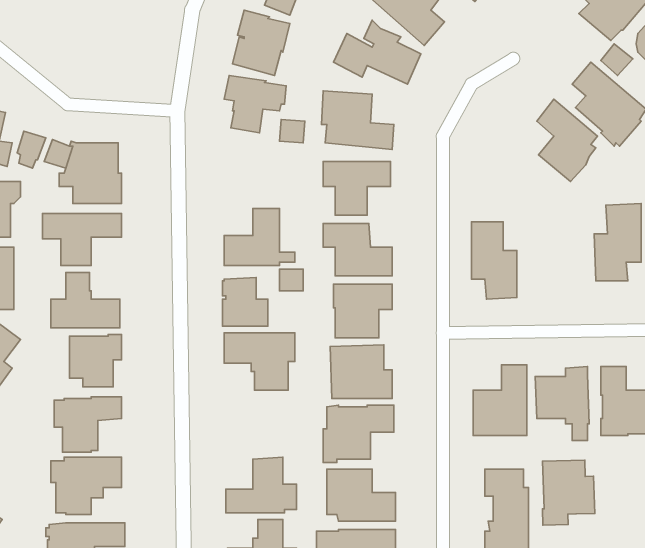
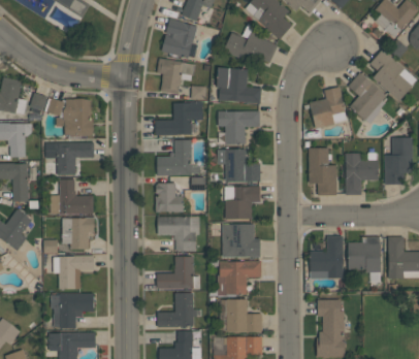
building: none -> [310,88,347,129]
building: none -> [155,102,202,136]
building: none -> [346,153,379,195]
building: none -> [157,257,200,289]
building: [542,460,595,525] -> none

